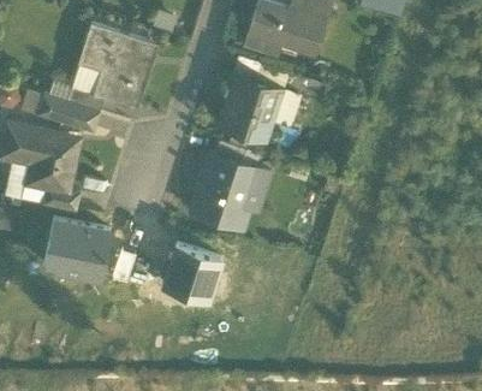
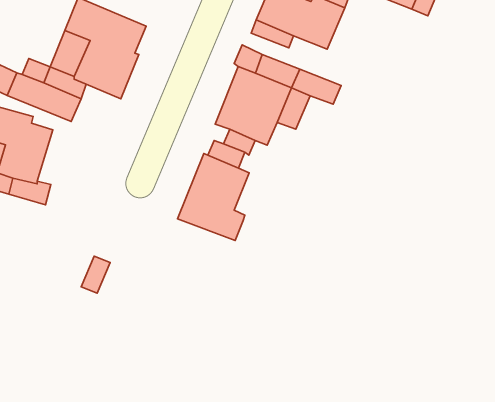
building: [240,167,270,213] -> none
building: [43,218,108,274] -> none
building: [162,244,220,298] -> none

